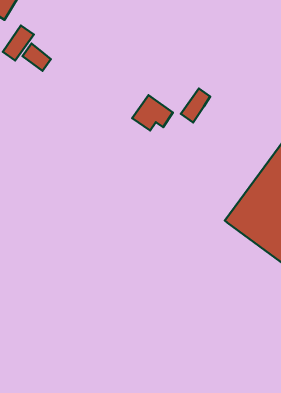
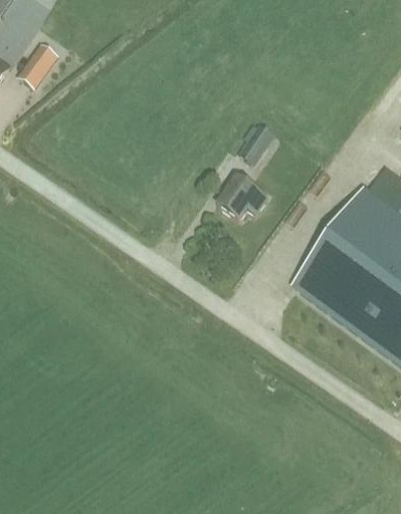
building: [23,44,51,71] -> none
building: [132,95,173,130] -> [215,176,265,219]

